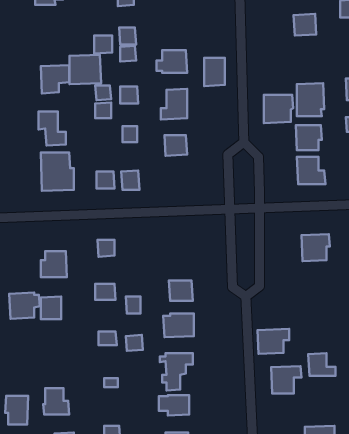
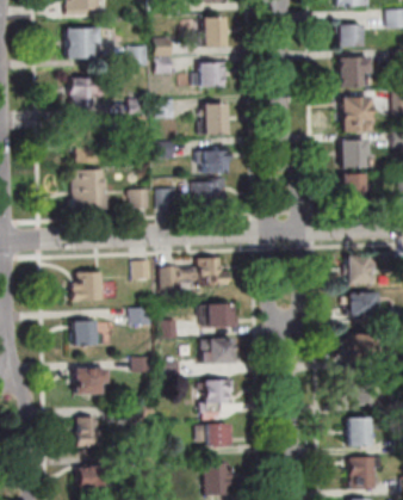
building: [69,55,101,84] -> [67,27,100,58]
building: [204,58,225,86] -> [204,17,225,47]
building: [264,95,293,123] -> [340,57,371,87]
building: none -> [192,179,225,206]
building: none -> [161,259,228,289]
building: none -> [349,294,374,315]
building: [9,293,40,319] -> [74,368,106,395]
building: [257,329,289,354] -> [351,334,384,360]
building: [271,366,302,393] -> [347,418,379,446]
building: [5,396,28,425] -> none

